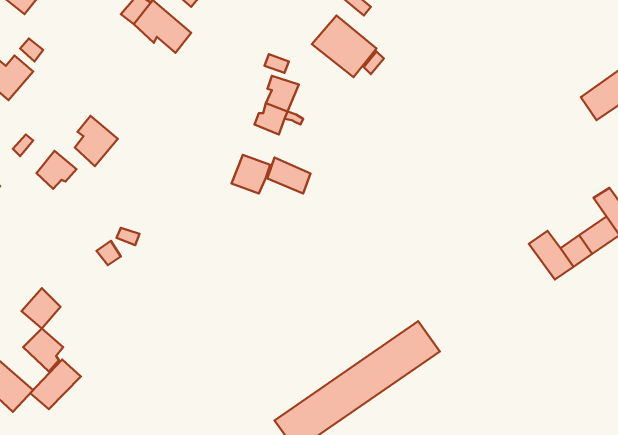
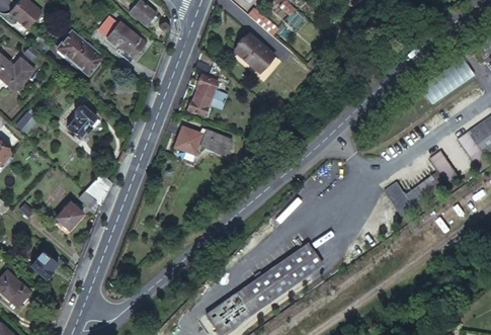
building: none -> [57,32,101,75]
building: [36,151,76,189] -> none
building: [22,288,60,328] -> [55,200,82,229]
building: [30,359,81,409] -> none

